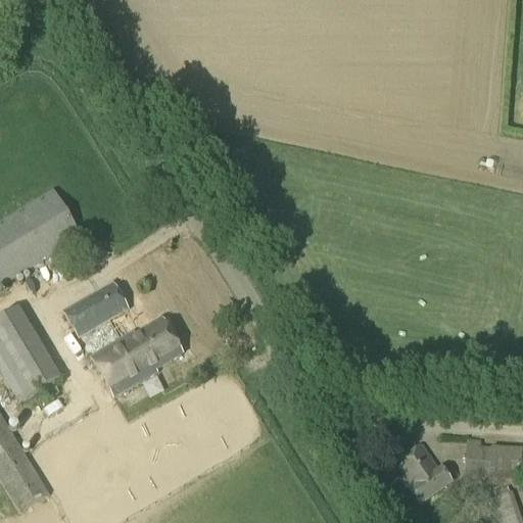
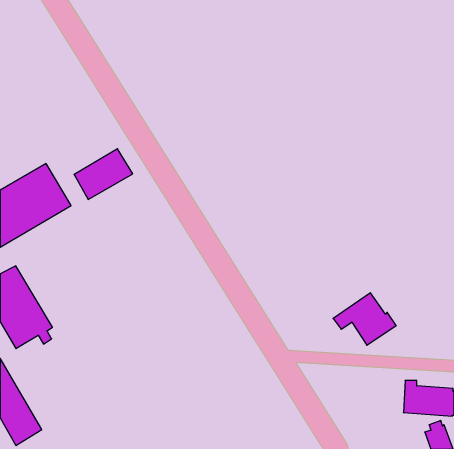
building: [61,279,129,337] -> [74,149,133,199]
building: [90,317,183,396] -> none
building: [379,442,451,503] -> [333,293,396,345]

